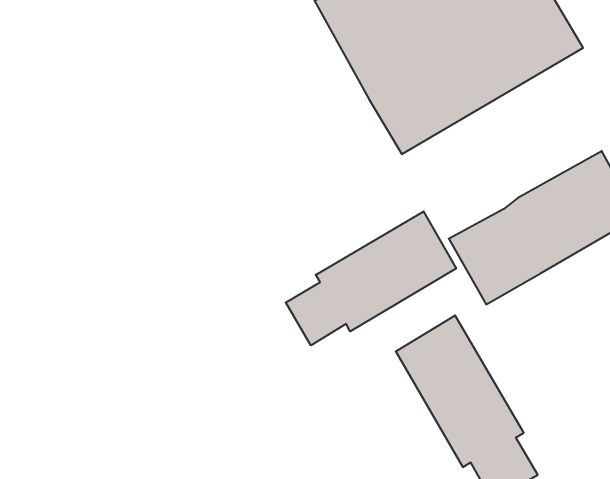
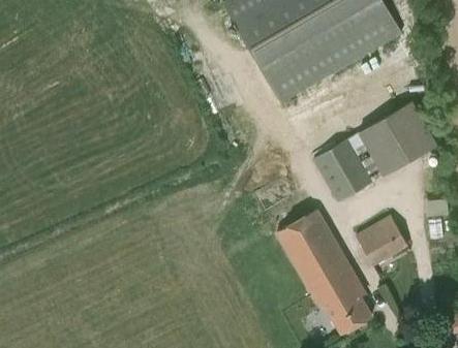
building: [286,211,456,345] -> none
building: none -> [356,216,407,265]

